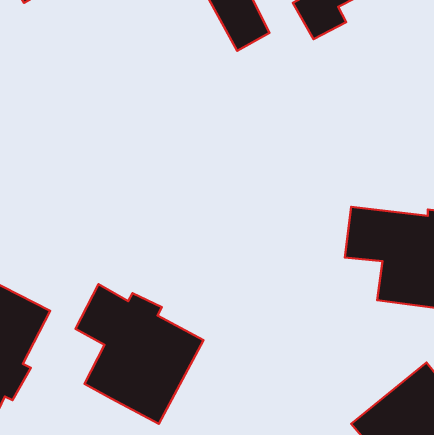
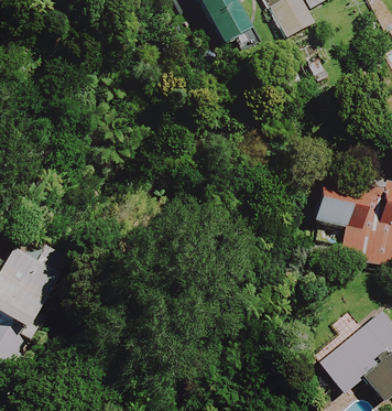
building: [75,284,204,424] -> none

